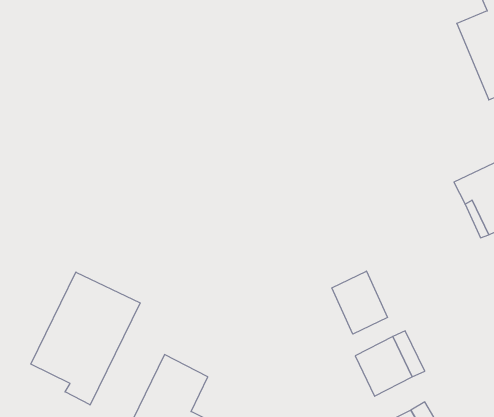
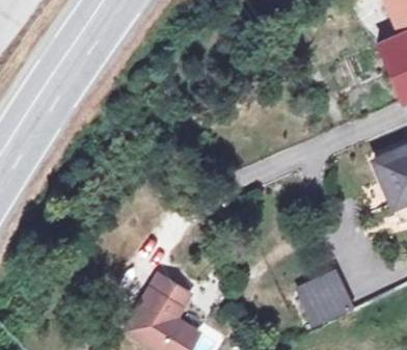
building: [332,271,388,334] -> none
building: [31,272,140,405] -> none

